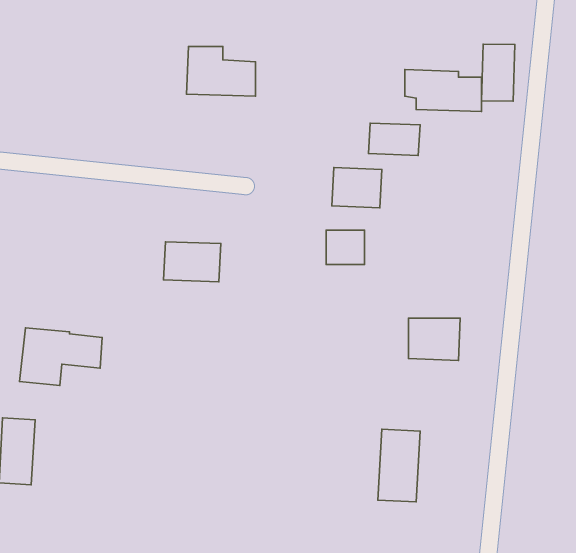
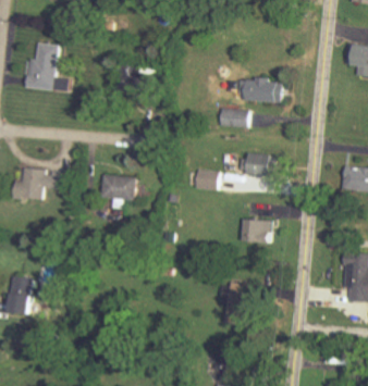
building: none -> [28,42,64,89]
building: [481,44,515,101] -> none
building: [332,168,382,208] -> [242,152,270,175]
building: [20,328,102,385] -> [17,166,64,199]

